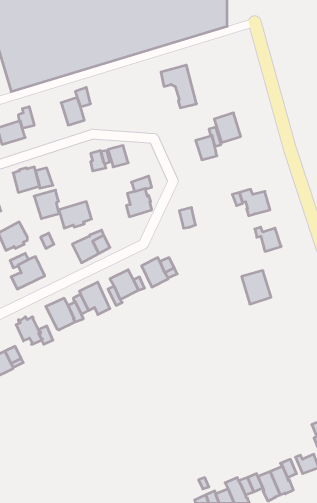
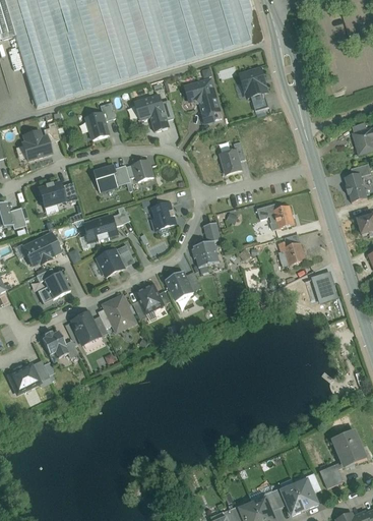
building: none -> [133,94,169,131]
building: [214,113,241,142] -> [240,68,266,98]
building: [34,190,60,219] -> [92,164,118,192]
building: none -> [191,241,219,268]
building: [242,271,271,304] -> [307,271,336,304]

